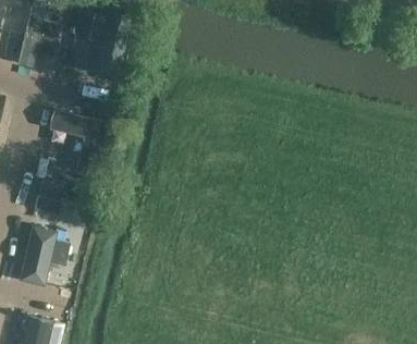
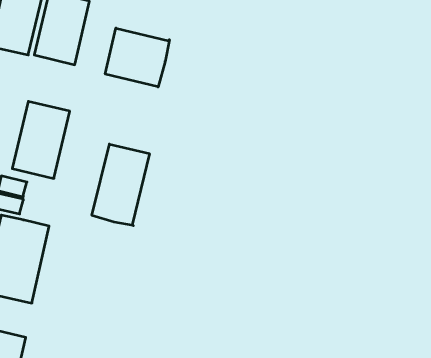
building: none -> [105,28,169,87]
building: none -> [92,144,149,226]

